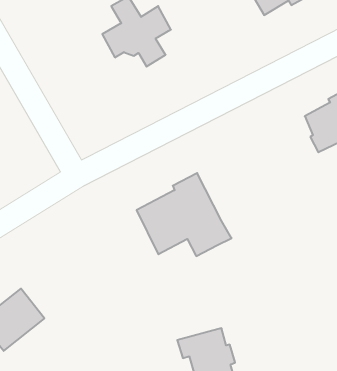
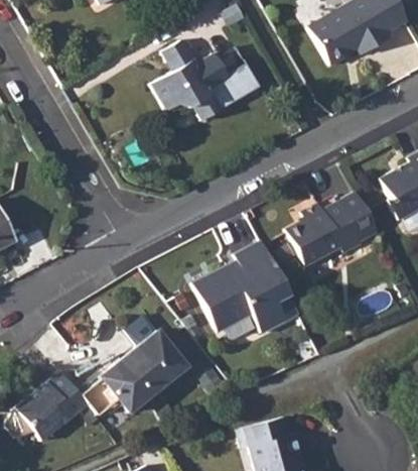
building: none -> [214,66,261,109]
building: none -> [285,192,377,265]
building: none -> [99,331,183,413]

